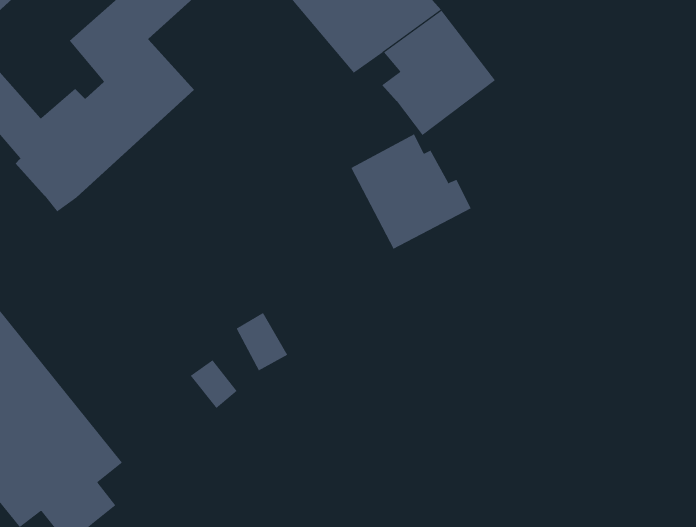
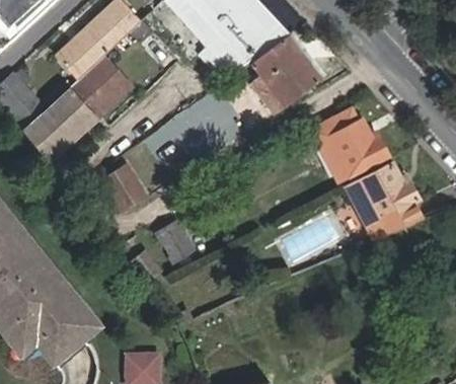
building: [351,133,472,250] -> [313,108,388,180]
building: none -> [348,165,423,241]
building: none -> [105,166,144,208]

